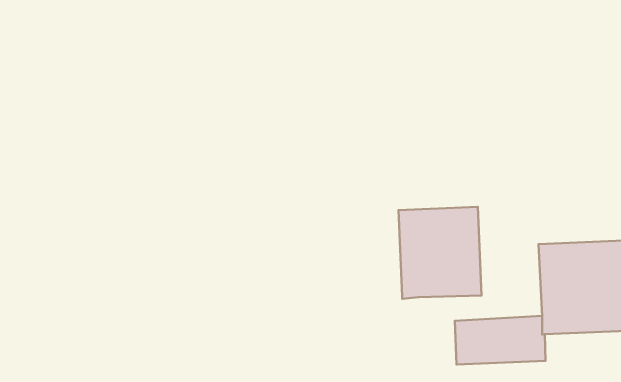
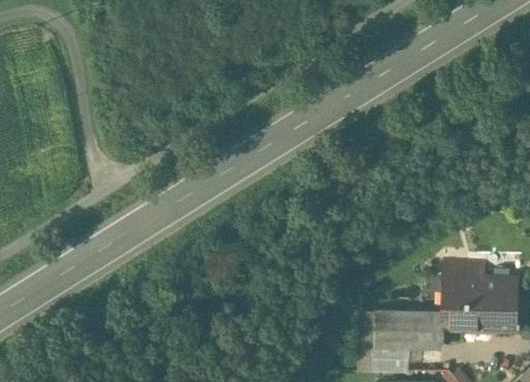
building: [399,207,482,299] -> none

